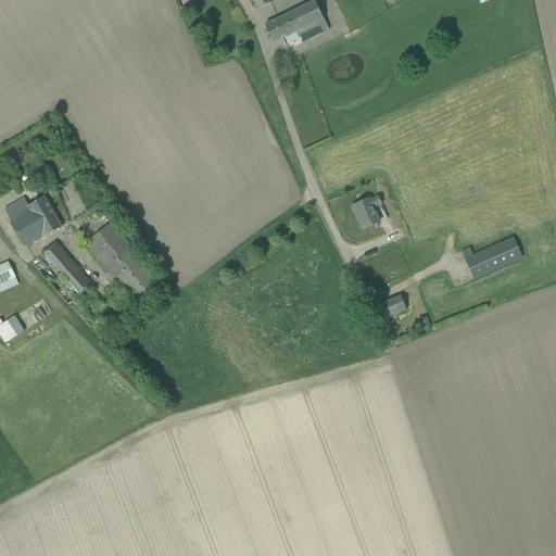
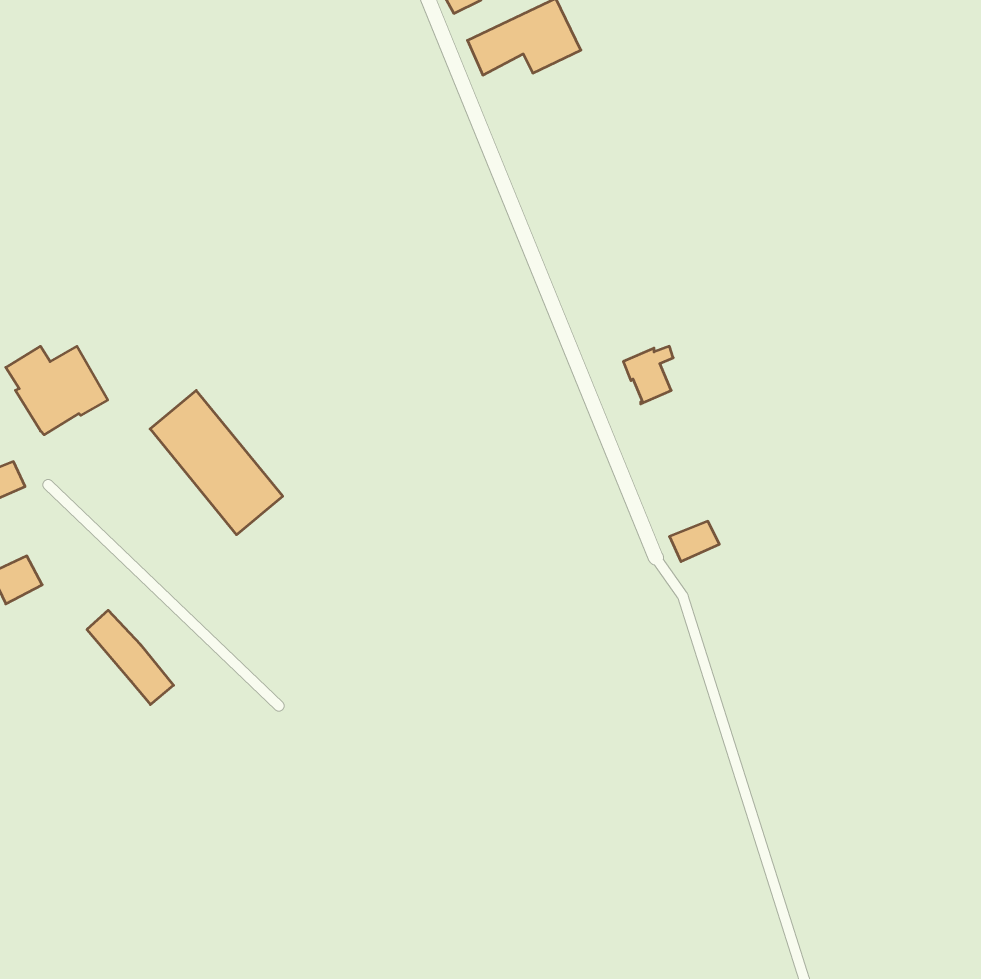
building: [460,236,521,278] -> none
building: [42,241,91,294] -> [87,610,174,705]

